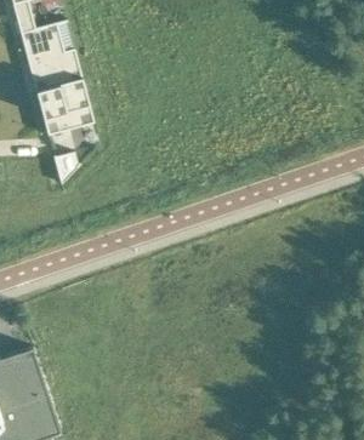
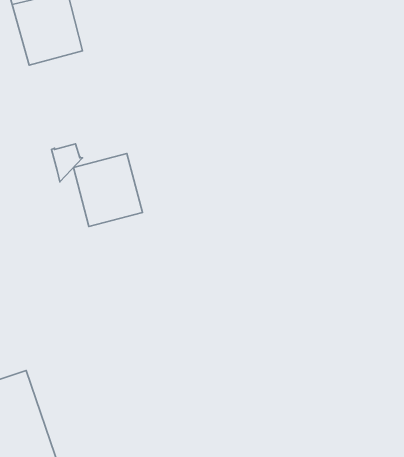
building: [34,73,93,136] -> [74,153,142,227]

